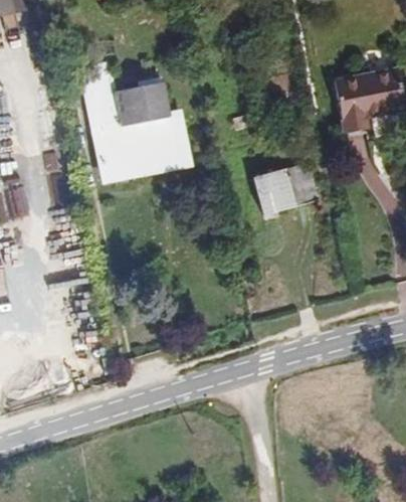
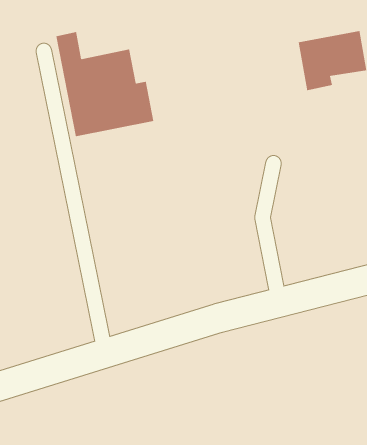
building: [253,163,319,214] -> none

